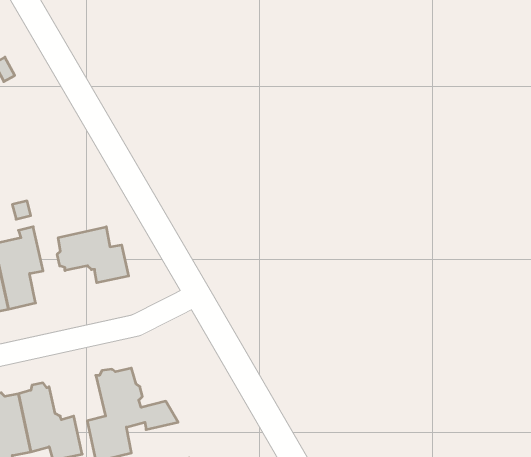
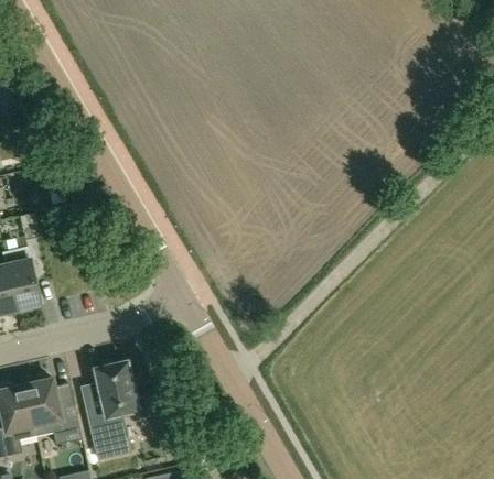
building: [57,227,129,283] -> none

